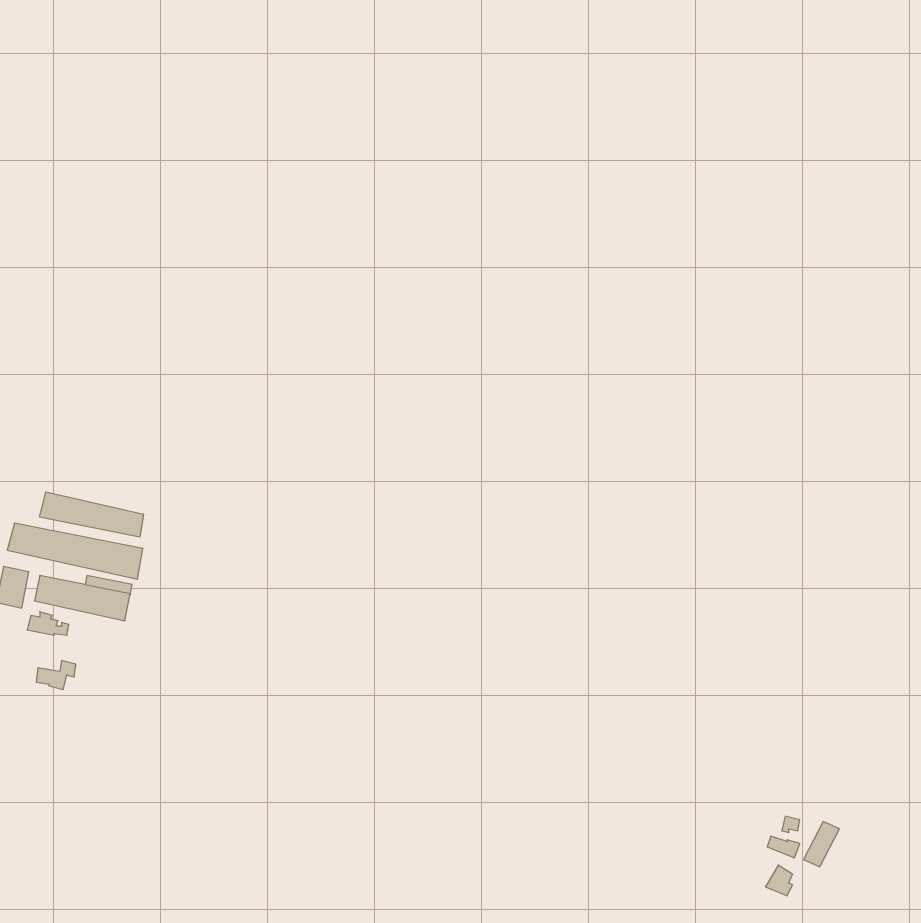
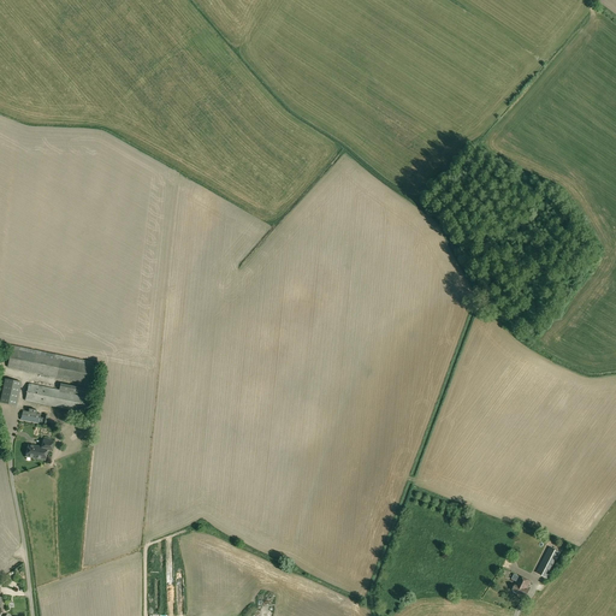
building: [40,492,143,537] -> none

